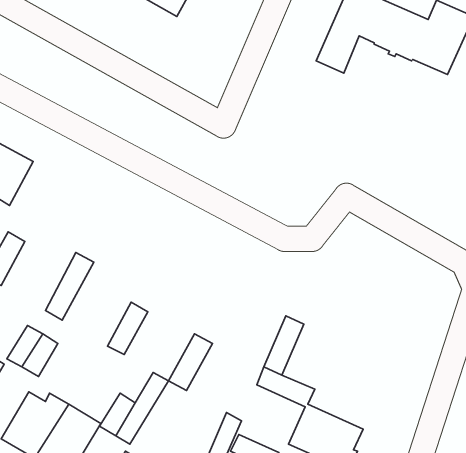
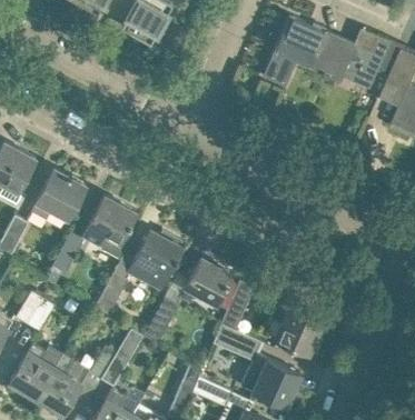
building: none -> [30,169,86,220]
building: none -> [82,196,136,259]
building: none -> [127,230,182,290]
building: none -> [179,258,233,306]
building: none -> [274,303,323,353]

